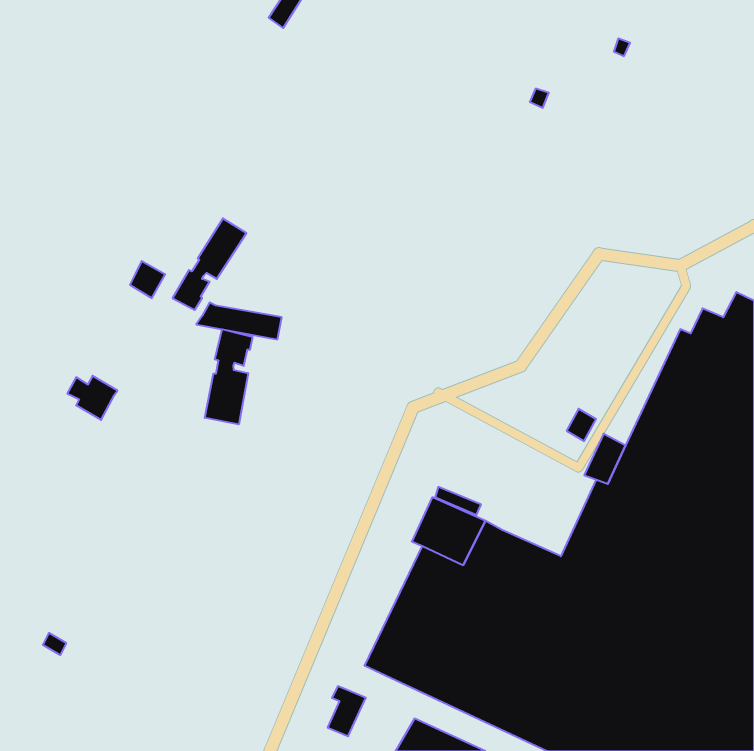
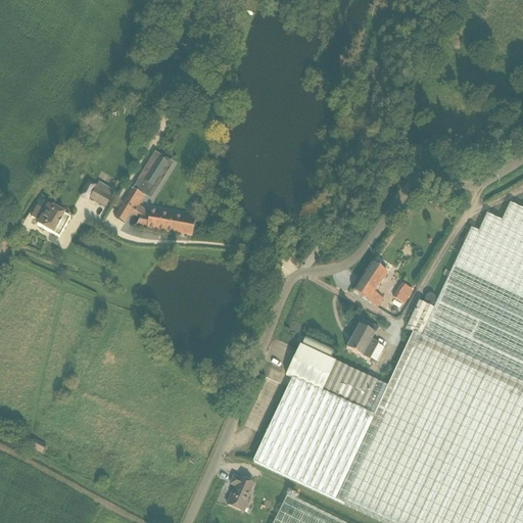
building: [205,329,252,424] -> none
building: [67,376,117,420] -> [31,203,65,234]
building: none -> [352,262,393,306]
building: none -> [346,319,378,361]

